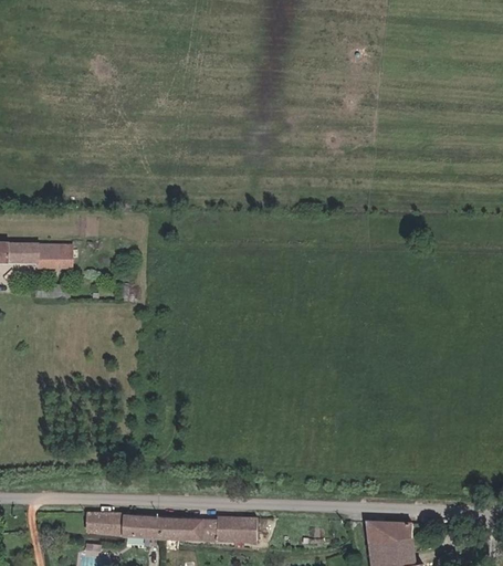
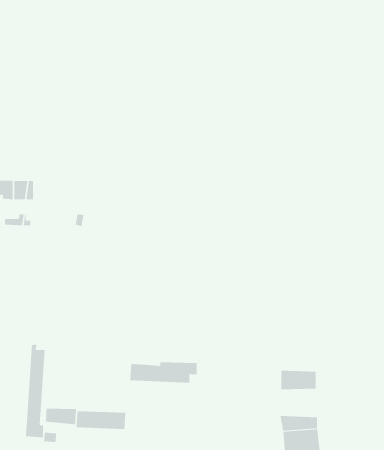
building: none -> [25,344,45,438]
building: none -> [281,370,316,390]
building: [181,517,262,543] -> [130,362,197,383]

